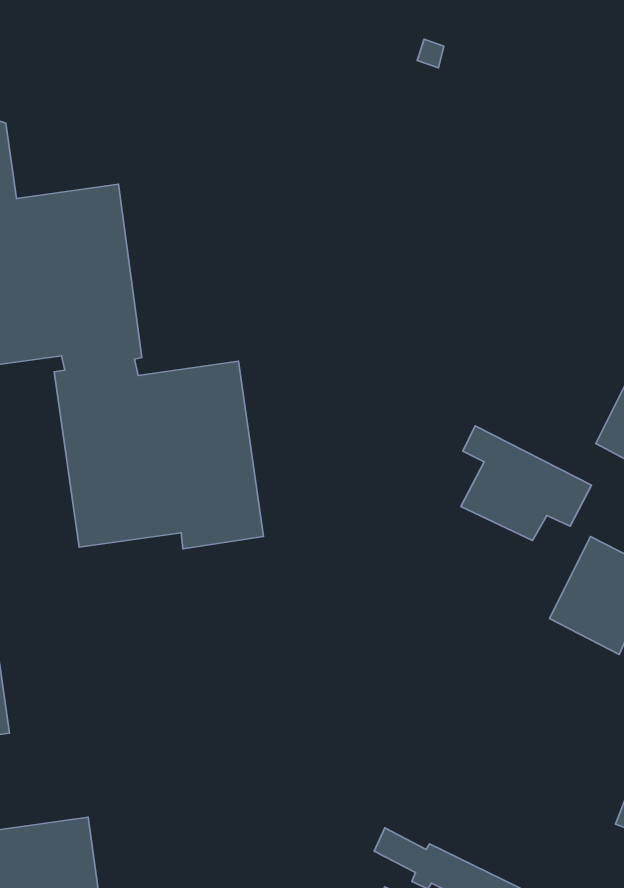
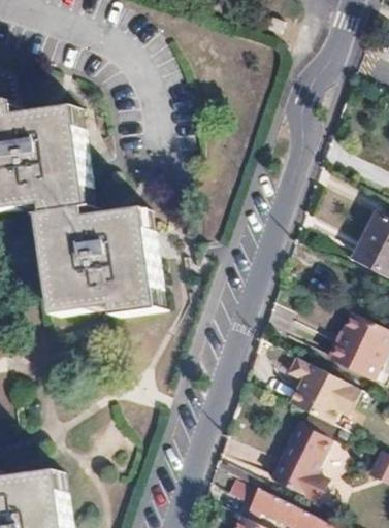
building: [461,426,591,540] -> [285,355,360,421]
building: none -> [269,424,329,502]

